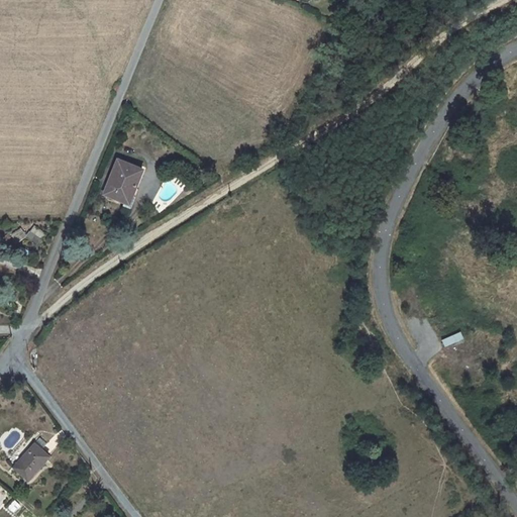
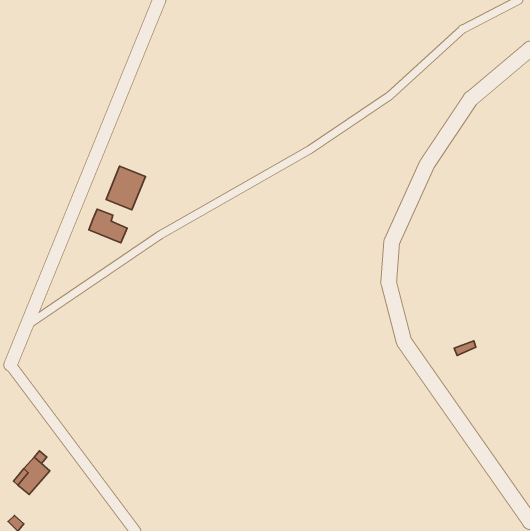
building: none -> [89,209,127,243]

